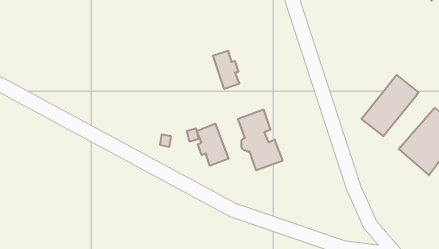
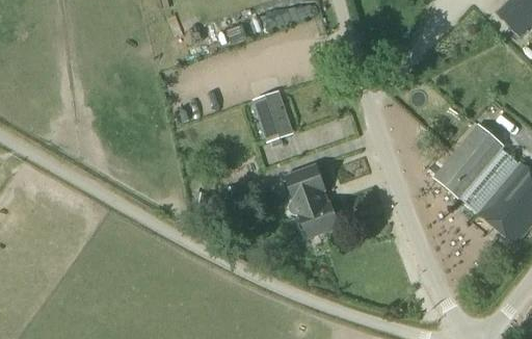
building: none -> [460,147,522,212]
building: [197,124,228,166] -> none

